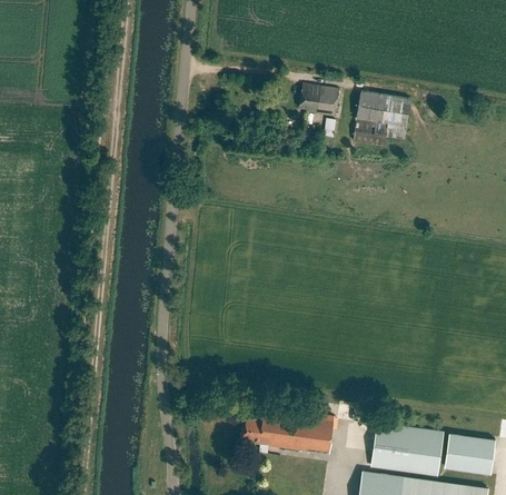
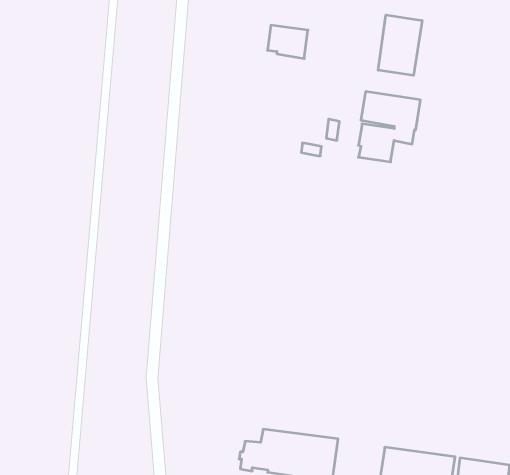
building: none -> [378,15,422,75]
building: [300,85,338,116] -> [267,25,308,59]

